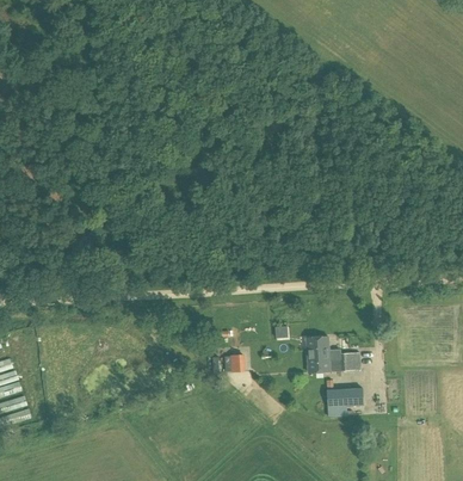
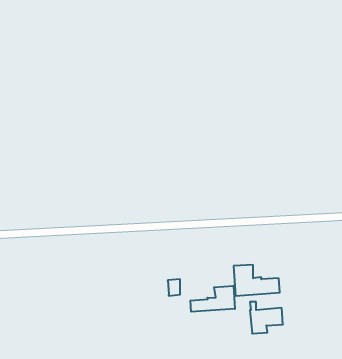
building: none -> [190,286,235,312]

